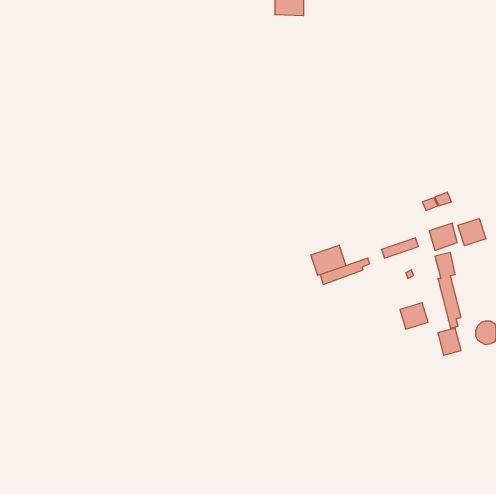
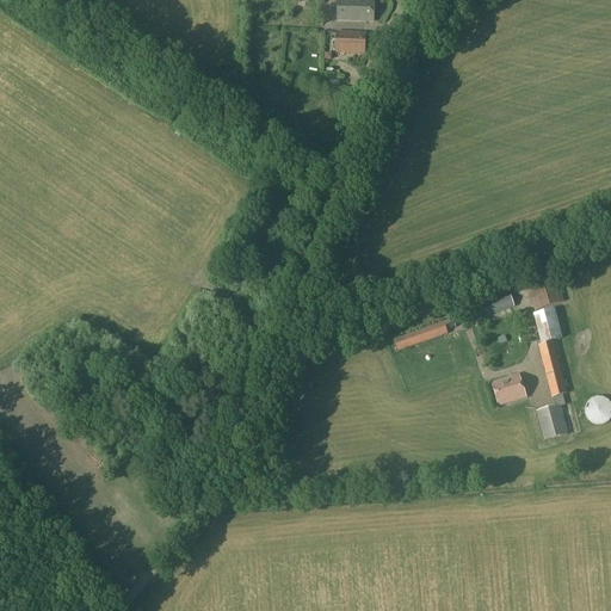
building: none -> [335,30,366,51]
building: [458,218,486,246] -> none
building: [311,245,346,276] -> none

